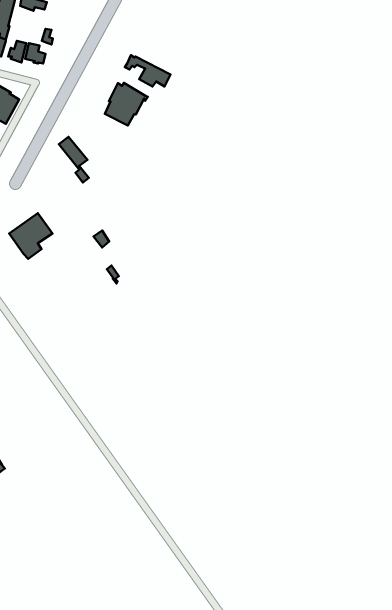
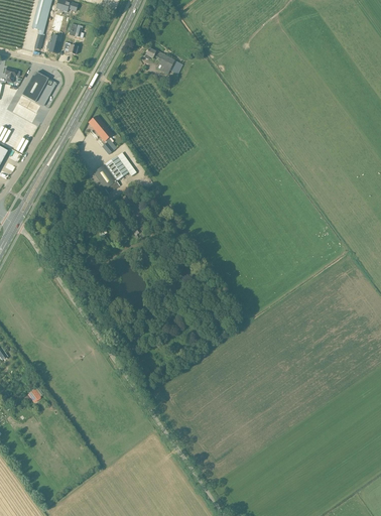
building: [105,83,148,126] -> none
building: [9,213,52,259] -> [92,155,128,194]

